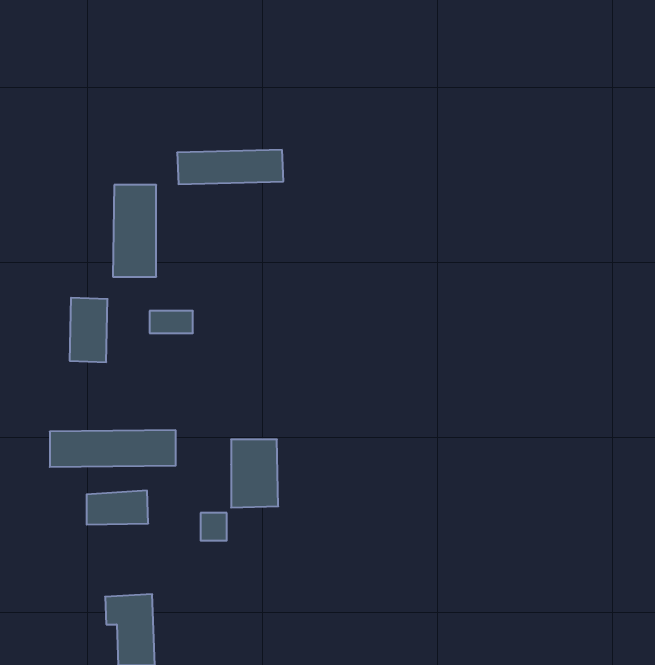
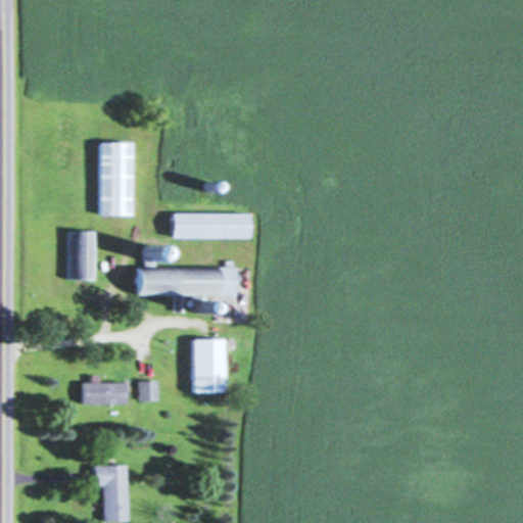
building: [177,150,283,184] -> [170,211,252,238]
building: [50,430,176,467] -> [137,268,235,296]
building: [201,513,227,541] -> [138,382,158,403]

